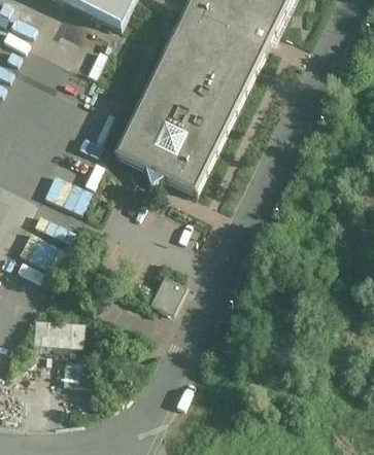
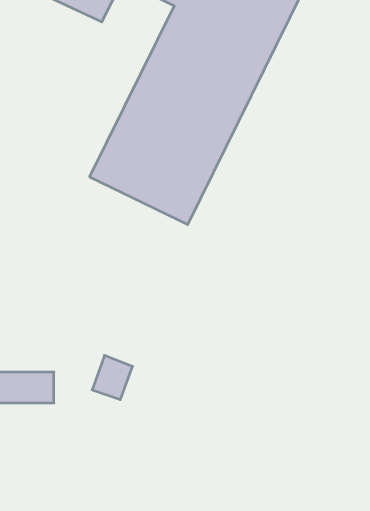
building: [148,276,182,313] -> [92,355,133,400]

